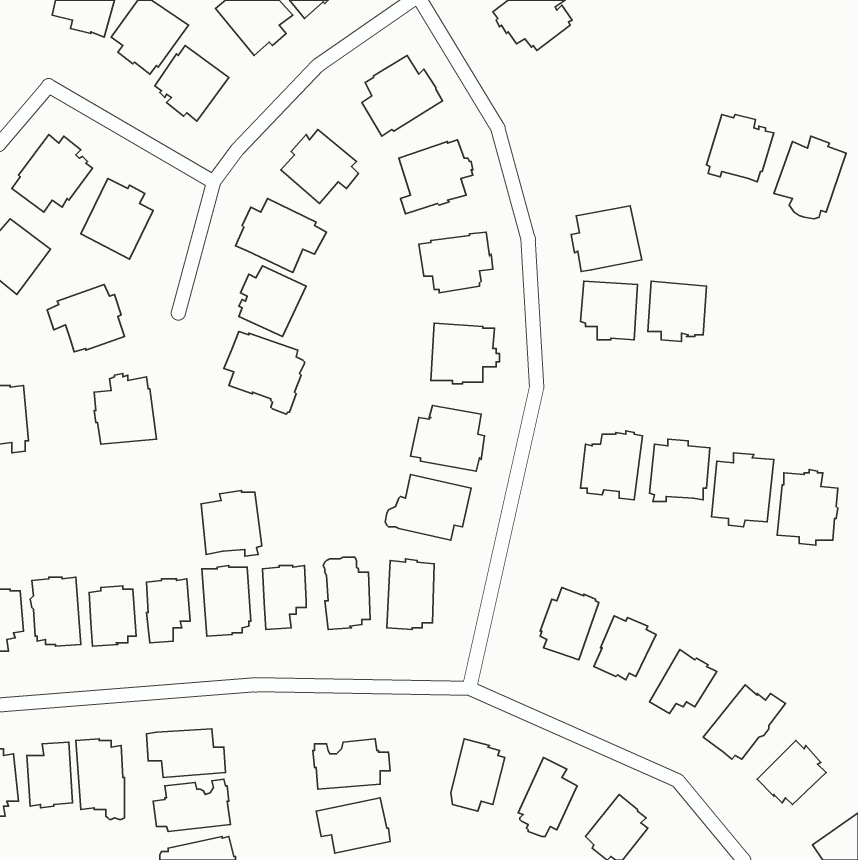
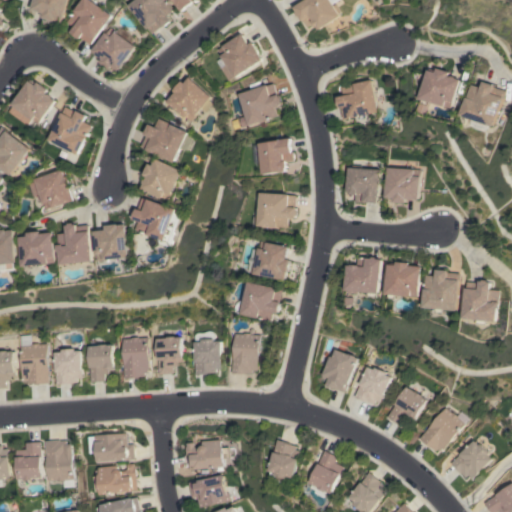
building: [571,206,642,271] -> [336,80,378,119]
building: none -> [19,231,55,266]
building: [201,490,262,556] -> [94,223,130,262]

